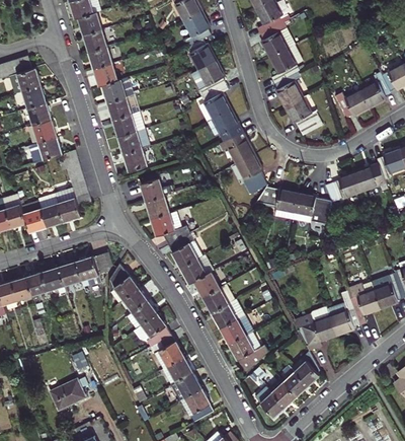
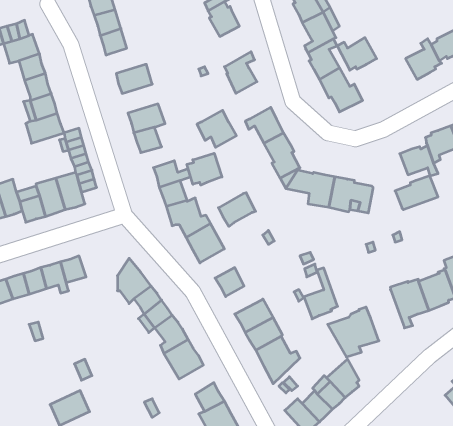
building: [190,61,225,96] -> none
building: [101,77,133,102] -> none
building: [335,89,370,118] -> [337,38,377,70]
building: [208,109,242,142] -> [197,110,236,147]
building: [112,112,144,137] -> none
building: none -> [187,153,222,185]
building: [324,172,361,202] -> [395,176,438,210]
building: [75,252,112,286] -> none
building: [180,254,213,284] -> [218,193,256,226]
building: [202,284,234,312] -> none
building: [329,291,358,336] -> [304,268,338,319]
building: [162,357,192,384] -> none

